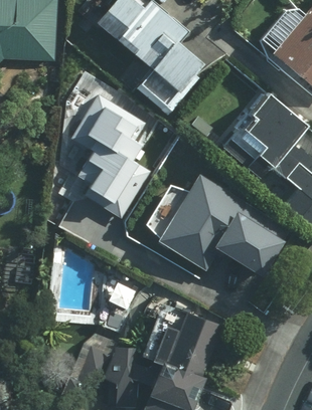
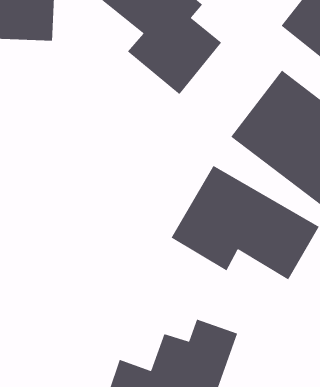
building: [64,83,149,213] -> none

